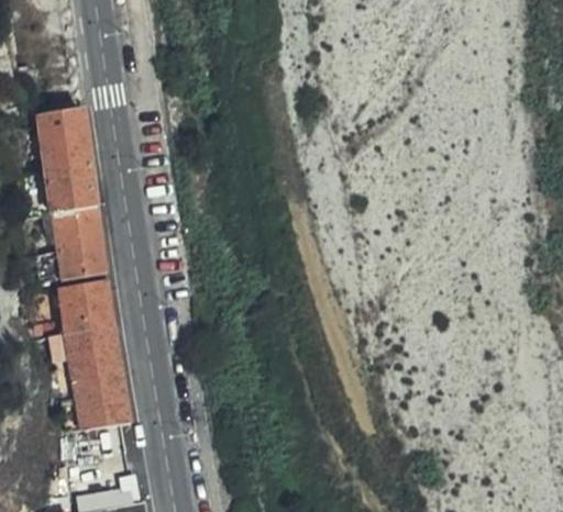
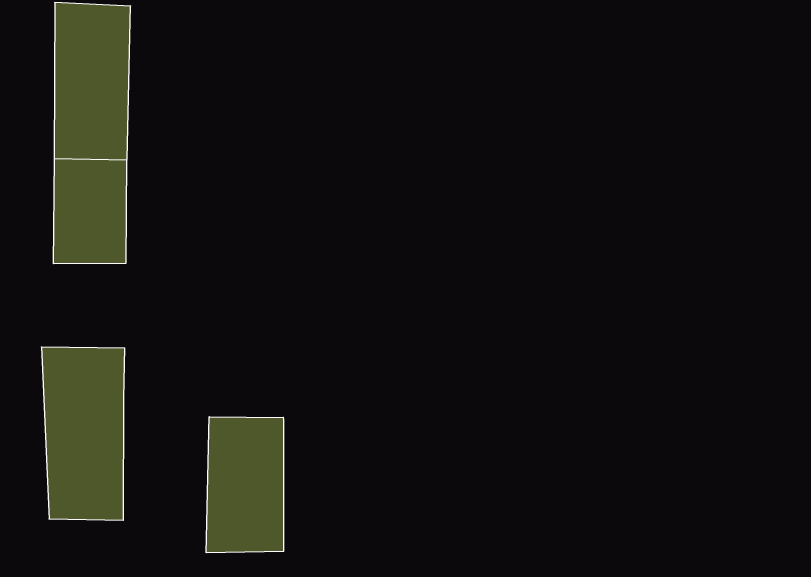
building: [54,276,114,326] -> none
building: none -> [206,417,284,553]

